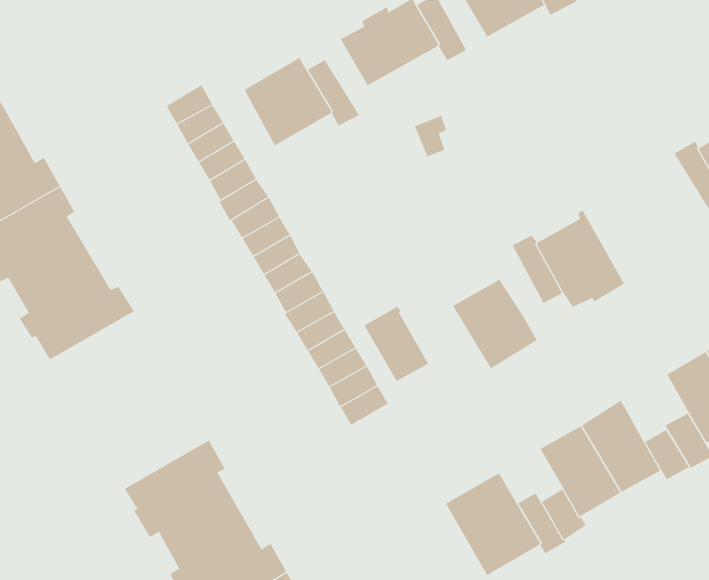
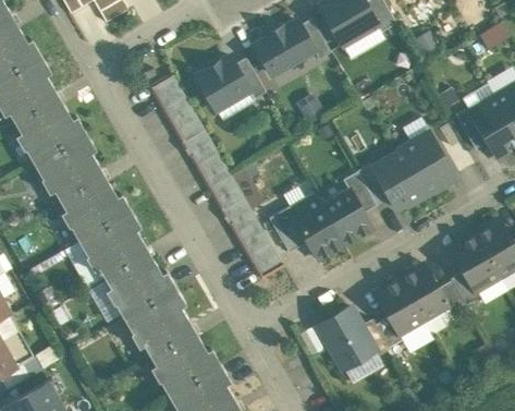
building: none -> [400,133,455,195]
building: none -> [342,172,376,214]
building: none -> [290,197,344,262]
building: none -> [79,211,175,318]

